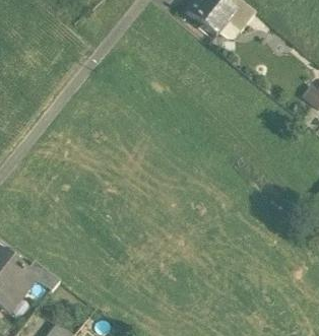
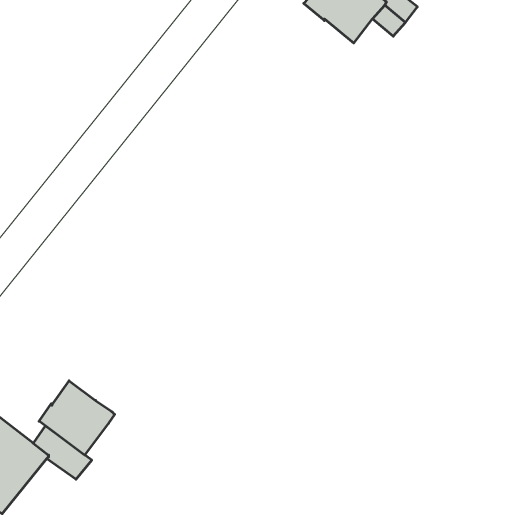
building: none -> [39,381,115,455]

